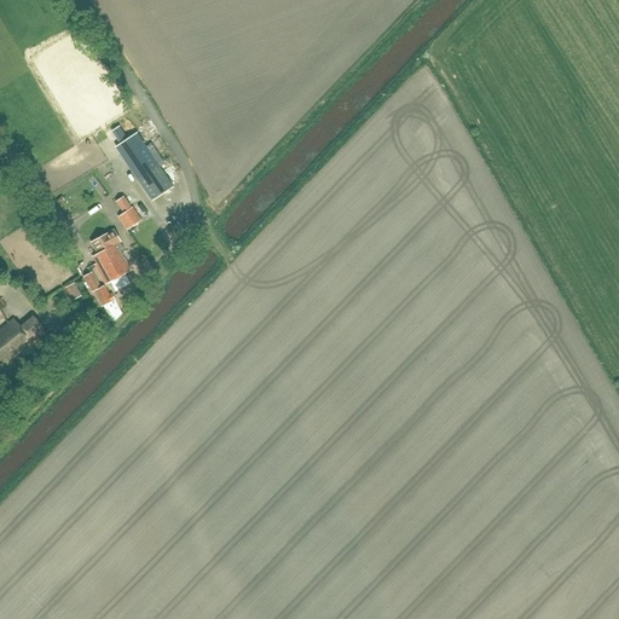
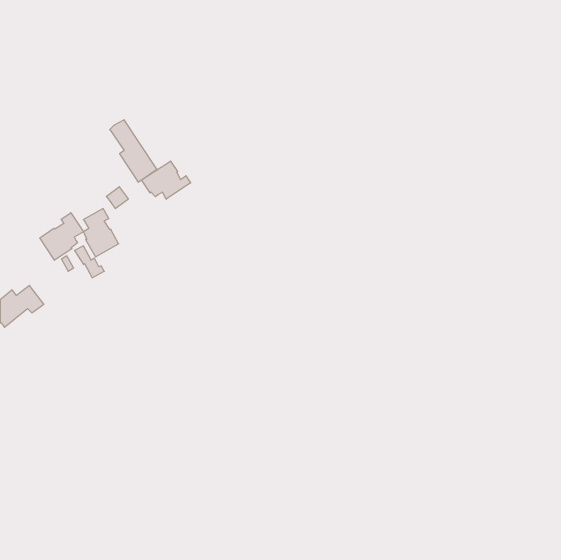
building: none -> [142,161,191,199]
building: none -> [40,213,83,260]

